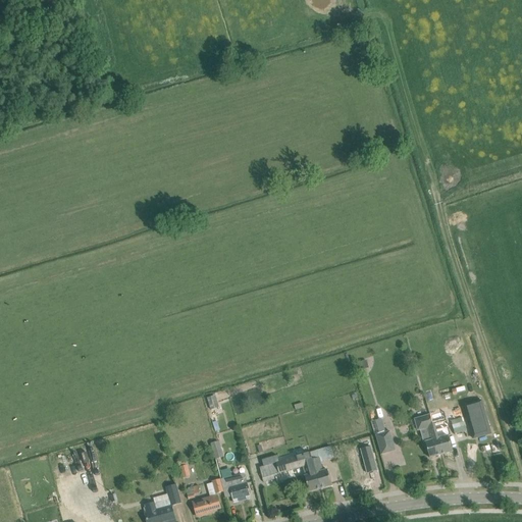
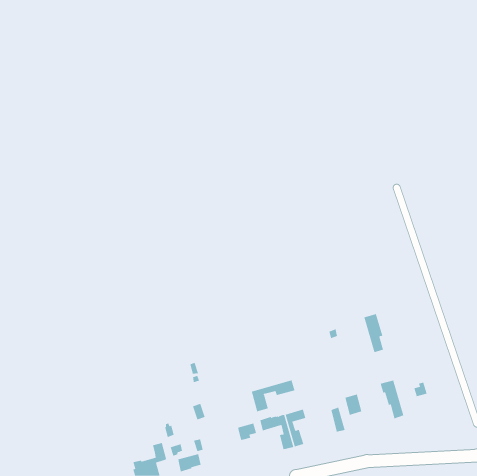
building: [464,400,491,438] -> none
building: [430,411,453,454] -> [363,313,384,353]
building: none -> [251,380,295,412]
building: [221,473,251,502] -> none

